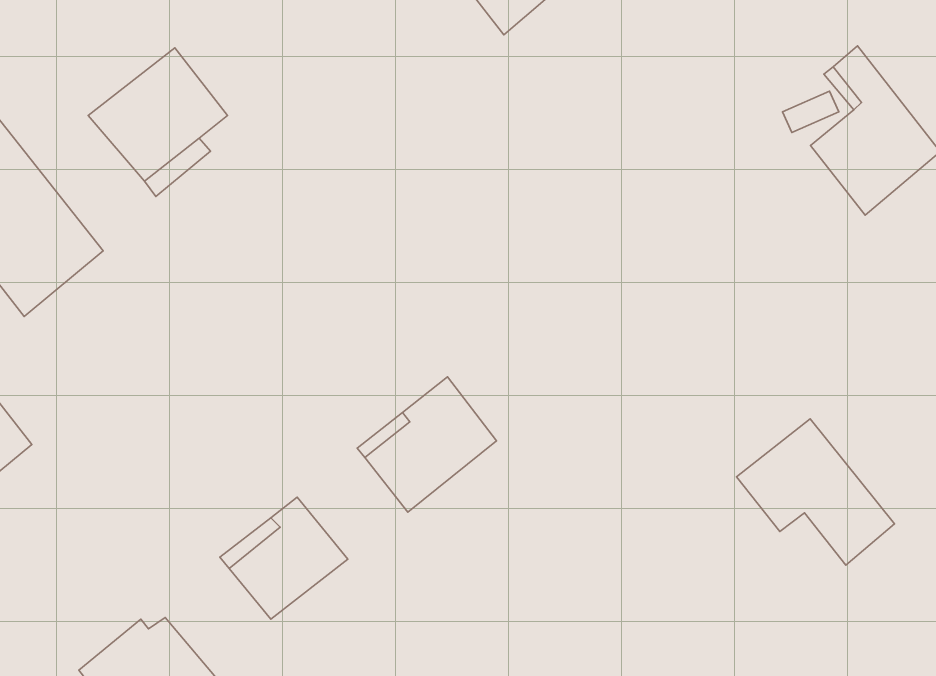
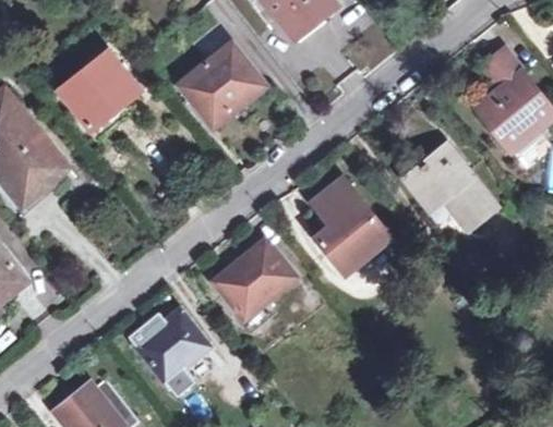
building: none -> [177,42,265,122]
building: none -> [314,180,387,270]
building: [737,419,895,565] -> [405,145,496,230]

